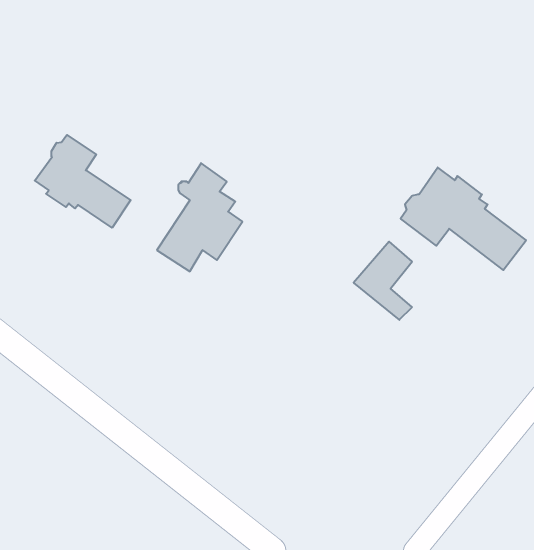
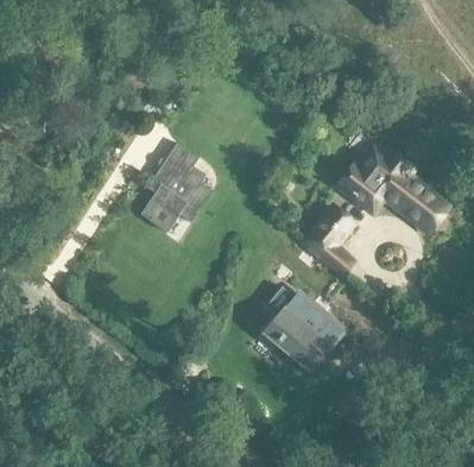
building: [35,135,131,228] -> none
building: none -> [261,292,342,371]

